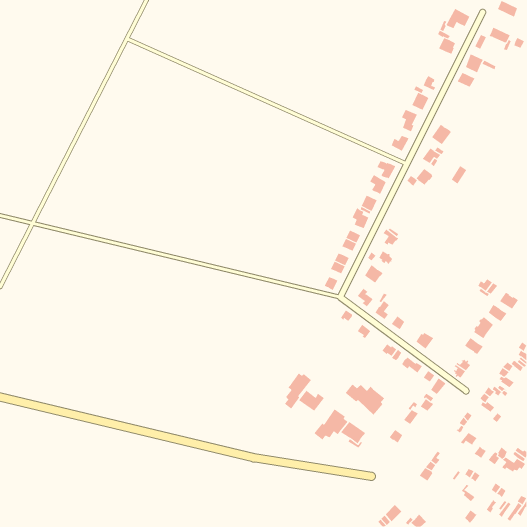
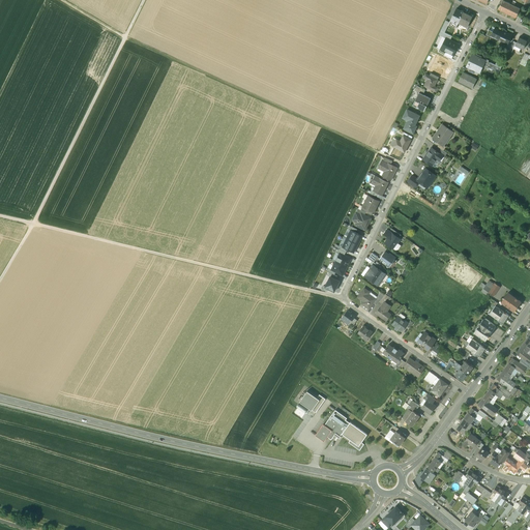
building: [284,373,312,410] -> none
building: [345,384,385,415] -> none

